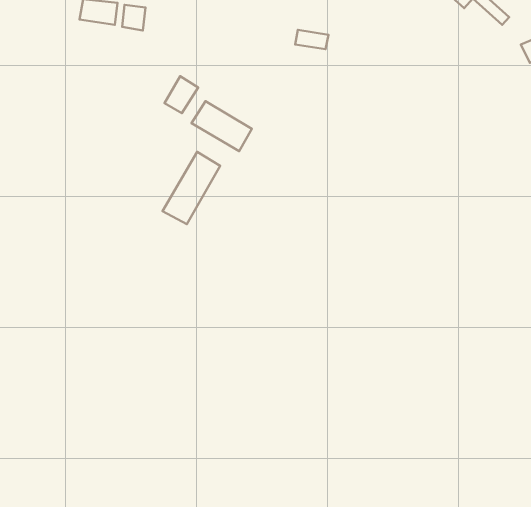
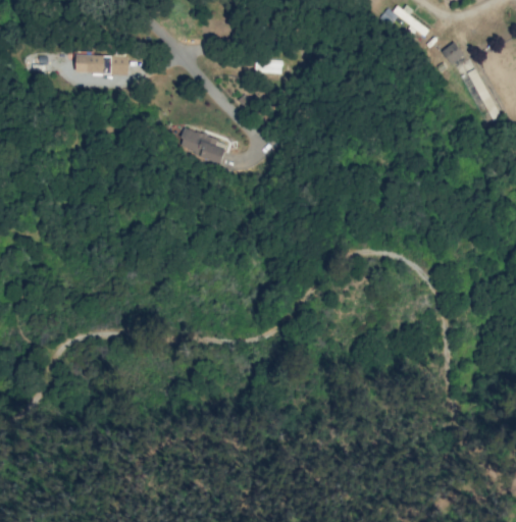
building: [164,76,198,113] -> none
building: [162,152,220,224] -> none

